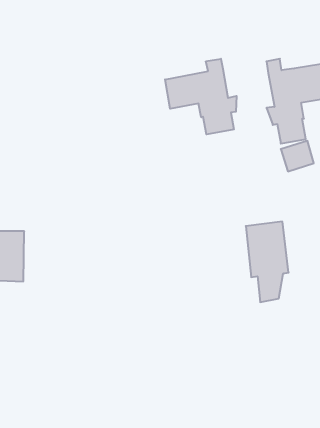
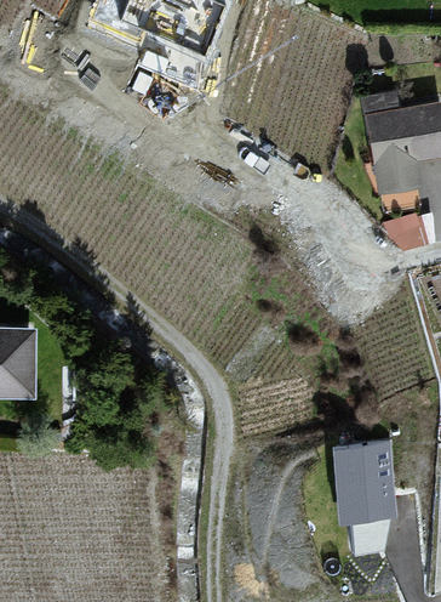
building: [165,59,237,134] -> none
building: [246,222,289,302] -> [337,444,395,553]

